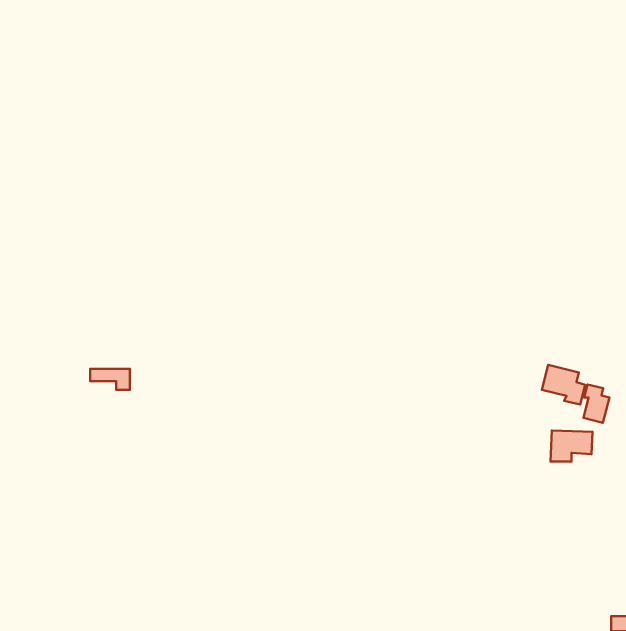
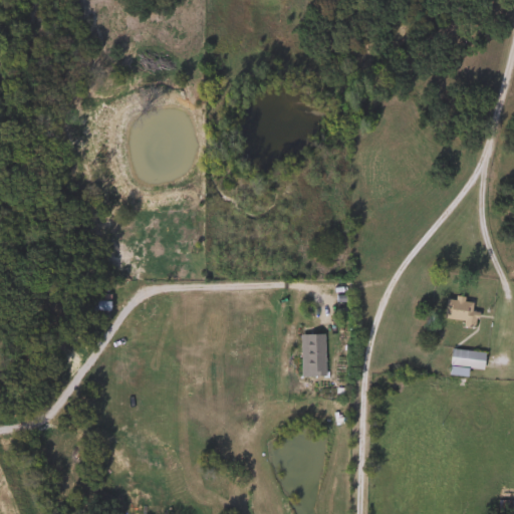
building: [583,384,609,423] -> none
building: none -> [303,334,326,376]

